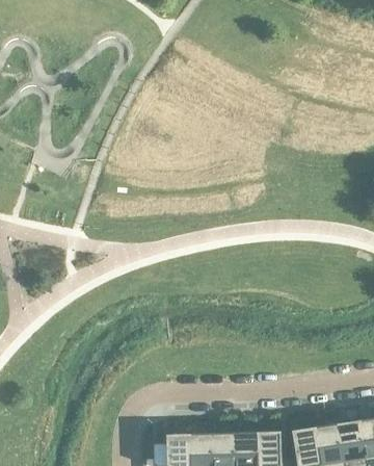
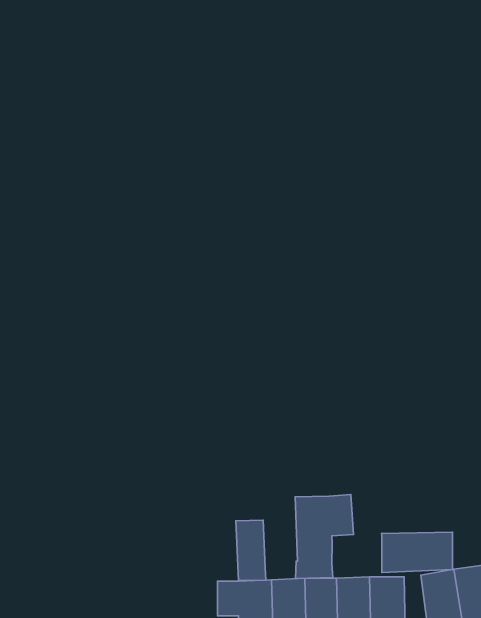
building: none -> [295,495,353,579]
building: none -> [236,520,266,581]
building: none -> [382,532,452,573]

